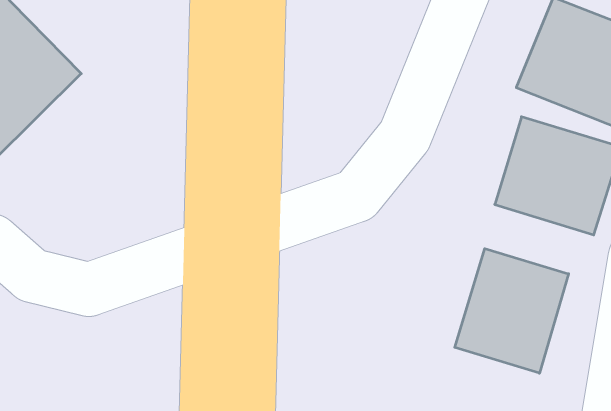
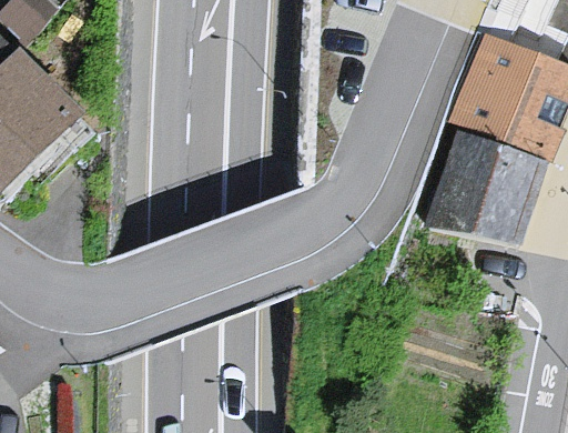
building: [455,249,569,373] -> none

